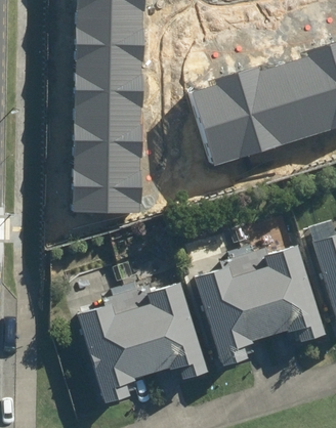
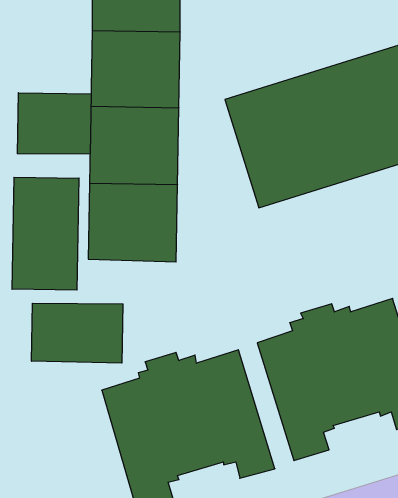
building: none -> [17,93,91,154]
building: none -> [12,177,79,290]
building: none -> [32,303,123,363]

